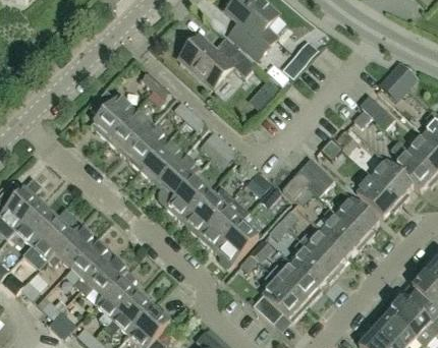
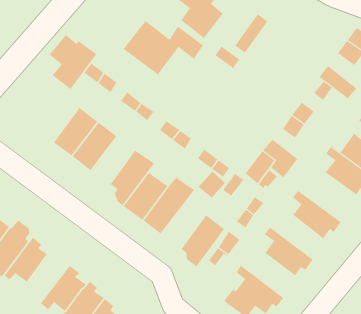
building: [90,89,134,140] -> [49,34,97,90]
building: [140,140,182,184] -> none
building: [337,196,380,240] -> none
building: [199,197,250,250] -> none
building: [300,229,349,273] -> none
building: [70,243,111,288] -> none
building: [270,262,320,305] -> none

